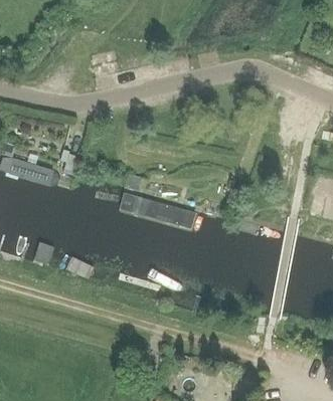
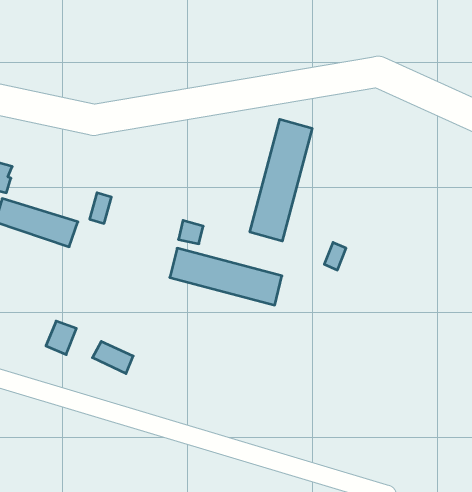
building: none -> [250,119,312,241]

